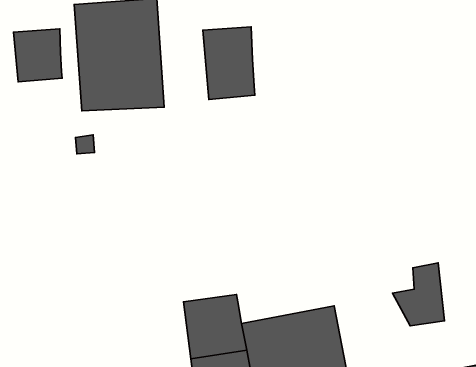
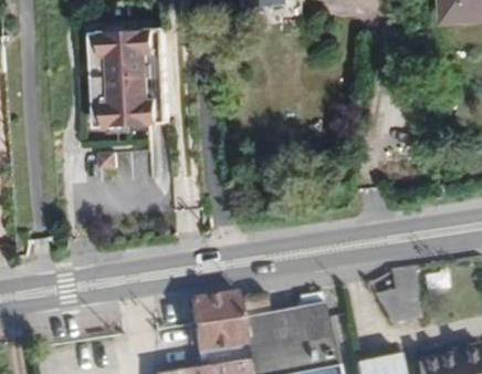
building: [203,27,255,99] -> none
building: [13,29,62,82] -> none

